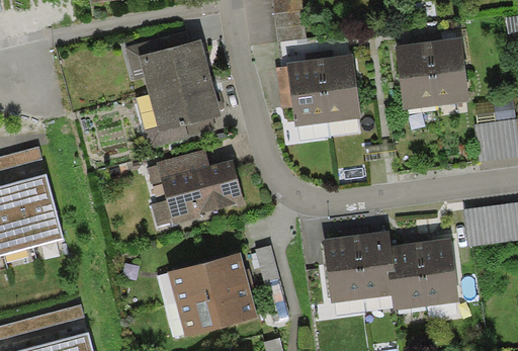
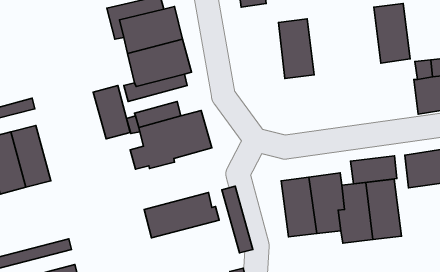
building: [395,41,436,109] -> none
building: [275,59,327,126] -> none
building: none -> [93,86,130,139]
building: none -> [351,156,397,184]
building: [175,283,257,337] -> none

